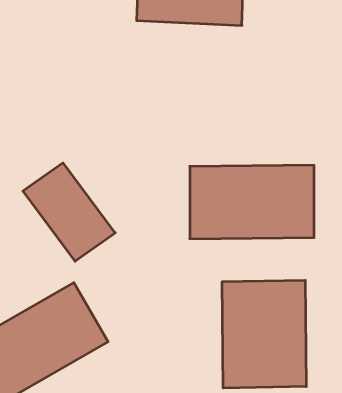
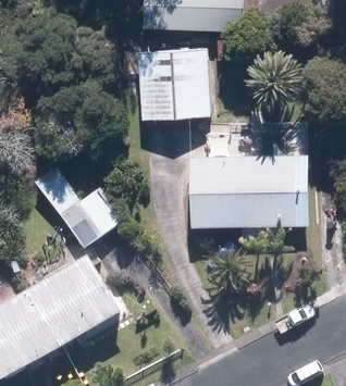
building: none -> [139,52,209,119]
building: [222,280,306,388] -> none

